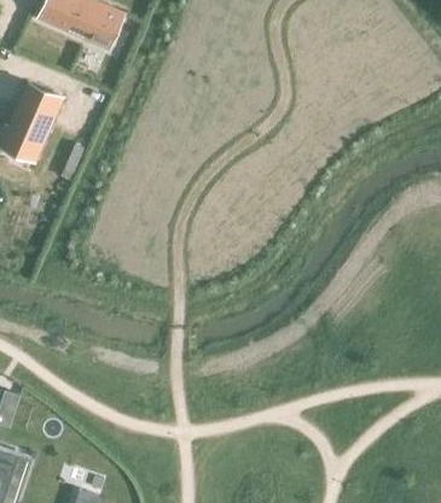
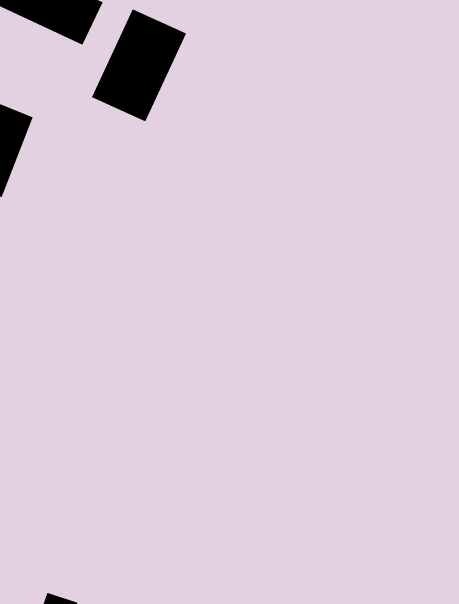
building: none -> [91,9,187,122]

